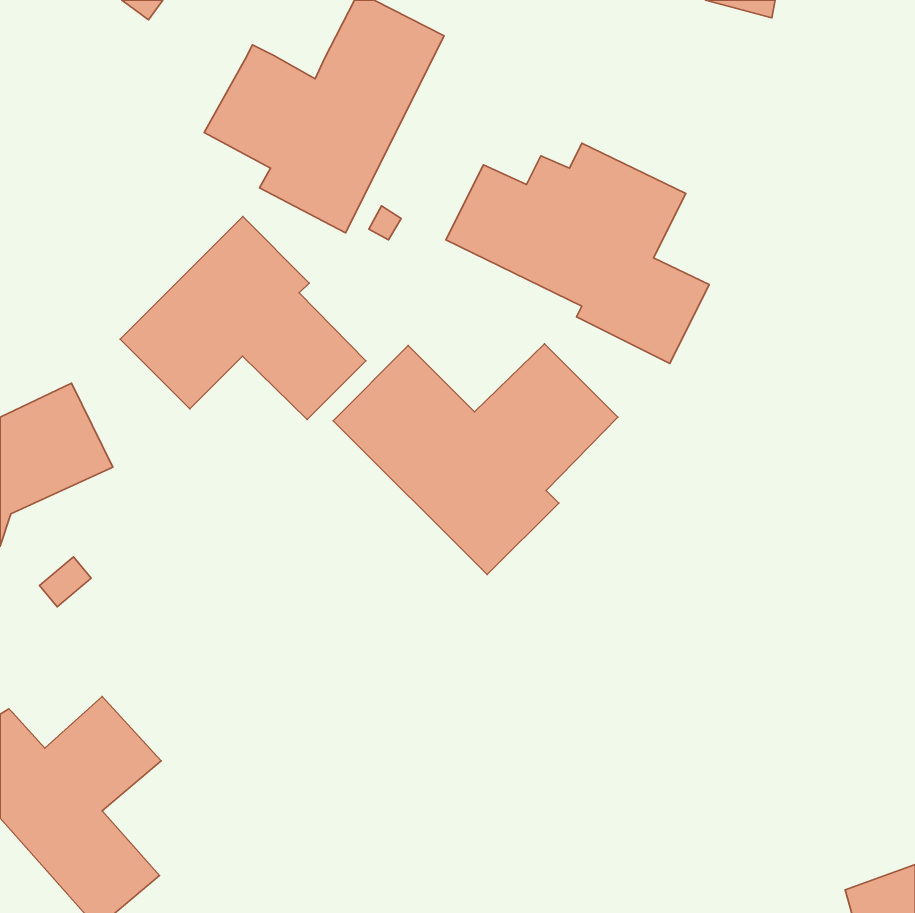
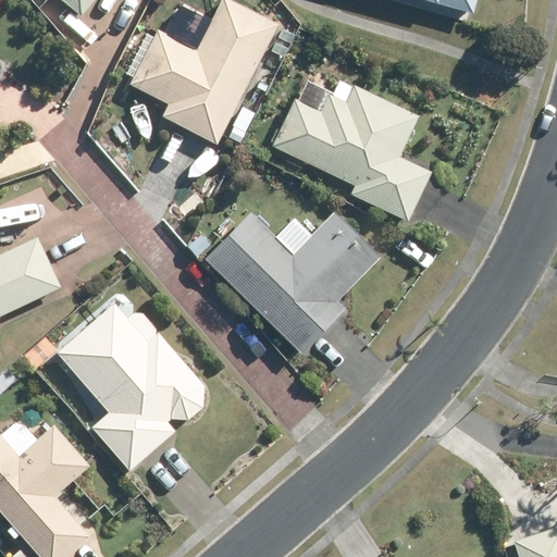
building: [120,217,366,419] -> none
building: none -> [64,304,211,467]

